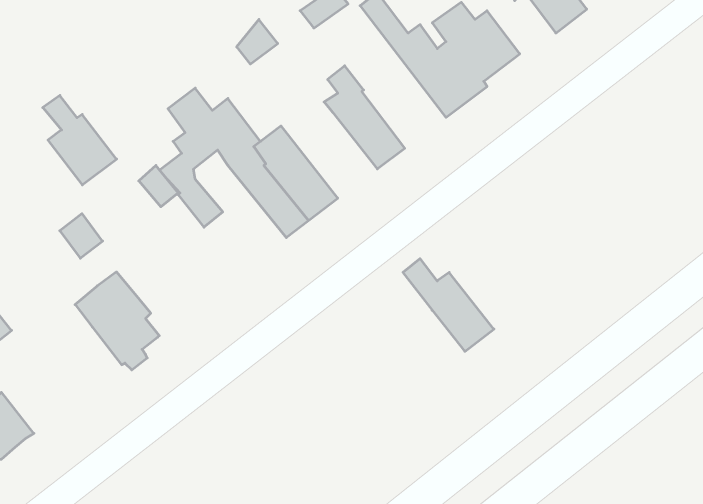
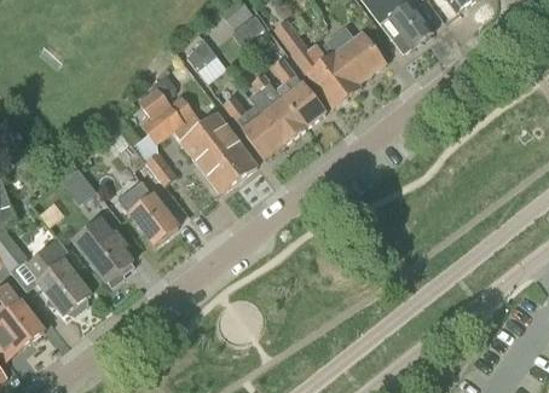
building: none -> [270,58,325,129]
building: [43,95,117,185] -> [127,180,179,243]
building: [403,259,494,351] -> [221,94,285,160]
building: none -> [25,238,89,314]

